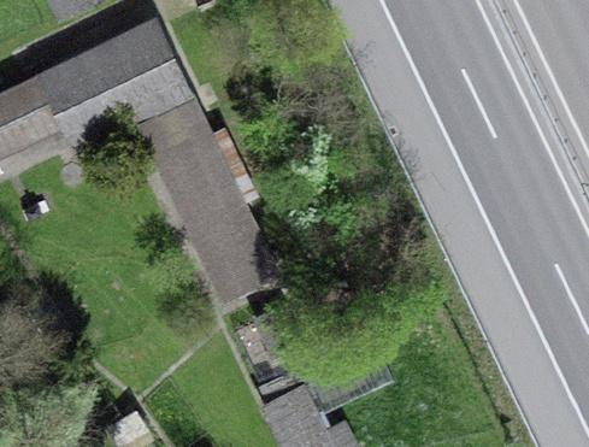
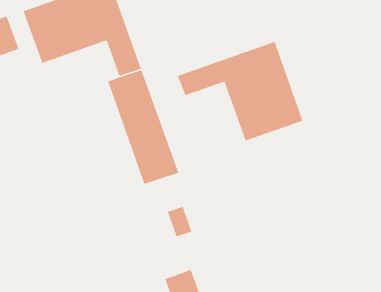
building: none -> [177,41,303,142]

